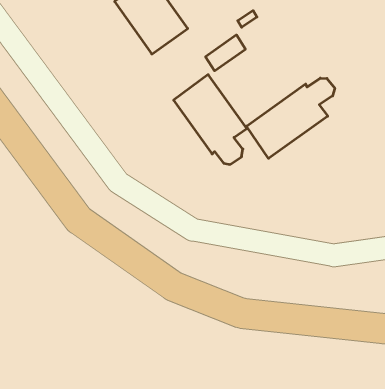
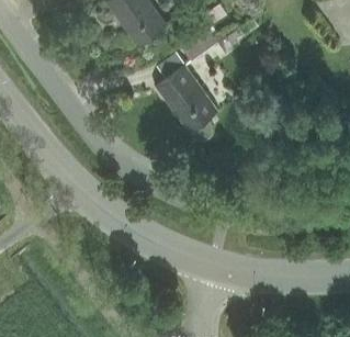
building: [247,78,335,158] -> none

